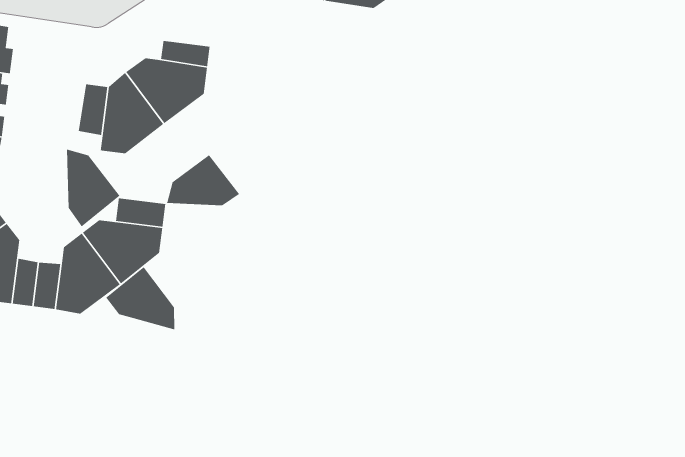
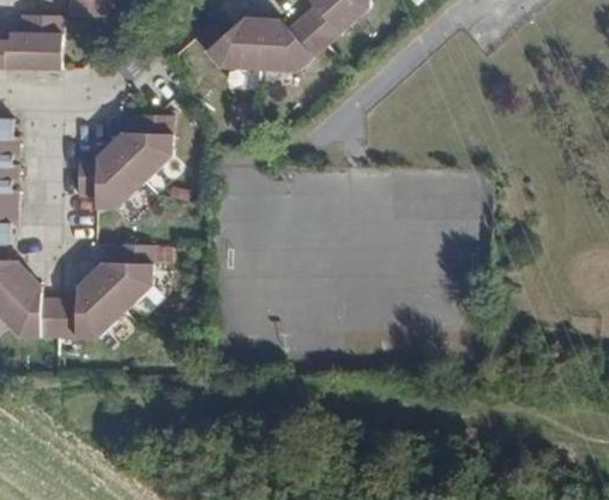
building: [66,148,120,227] -> none
building: [166,154,240,206] -> none
building: [105,266,175,330] -> none

